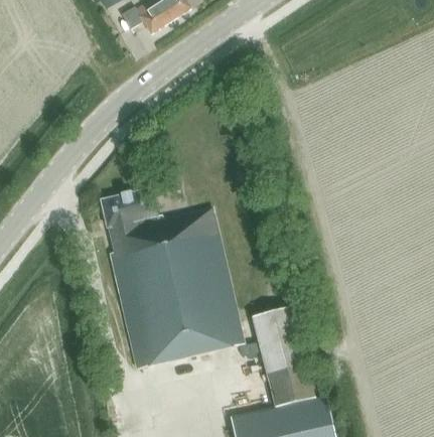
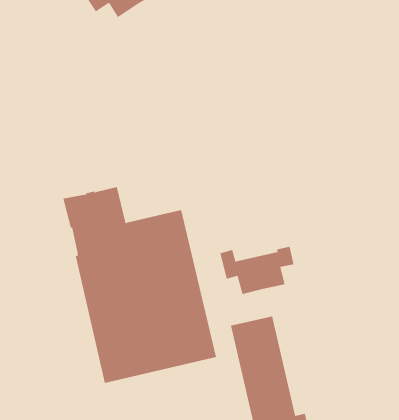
building: none -> [220,246,294,295]

